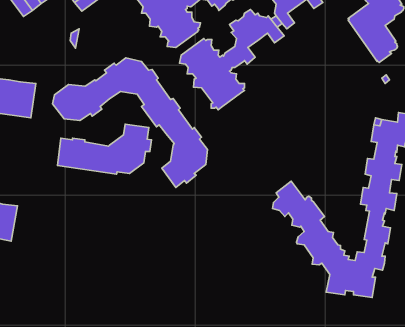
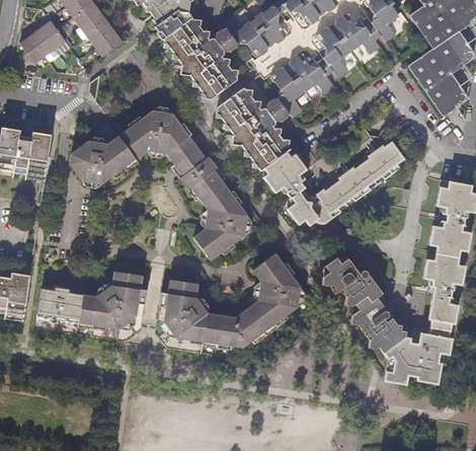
building: none -> [263,141,410,224]
building: [57,124,152,174] -> [36,272,145,329]
building: none -> [159,253,300,347]

